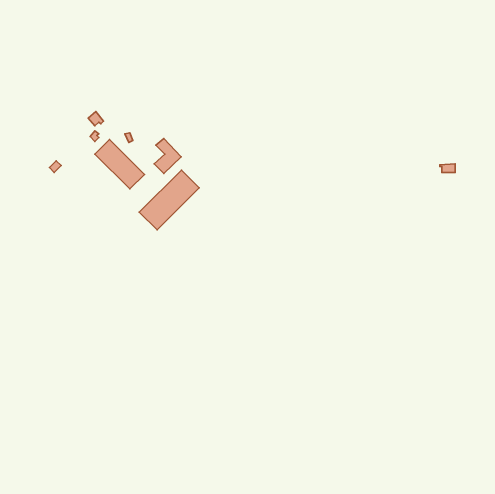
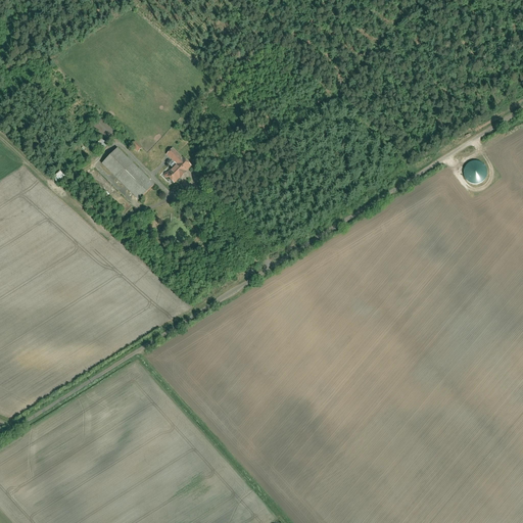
building: [139,170,199,230] -> none

